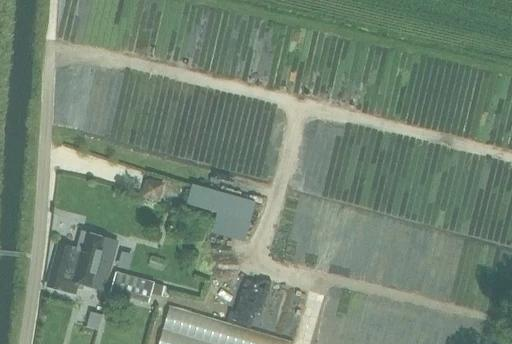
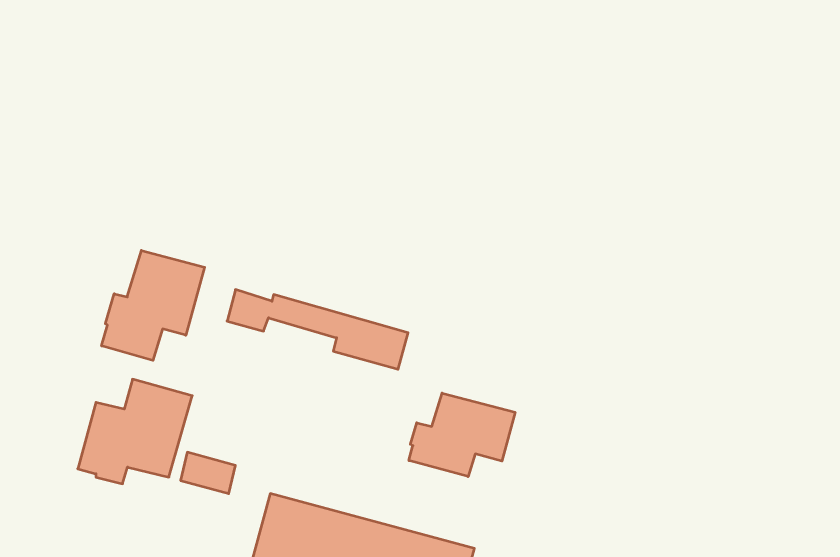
building: none -> [102,250,205,360]
building: none -> [409,393,515,477]

